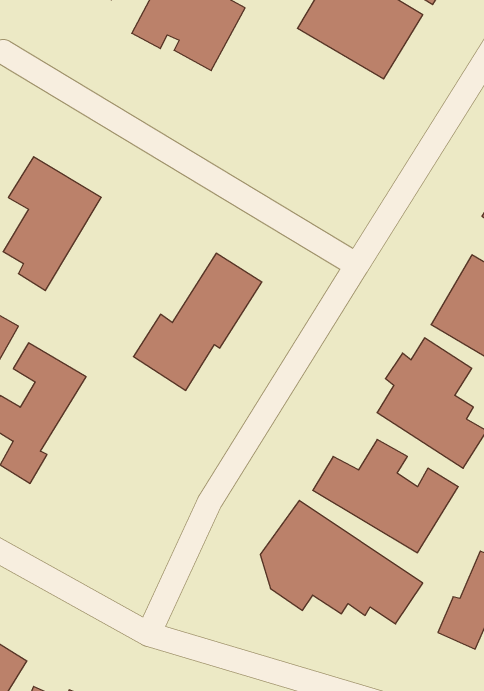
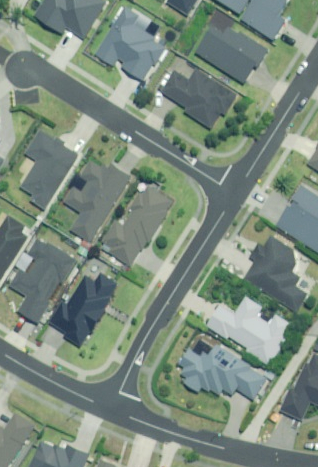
building: none -> [158,69,238,128]
building: none -> [64,158,131,241]
building: none -> [47,270,120,343]

